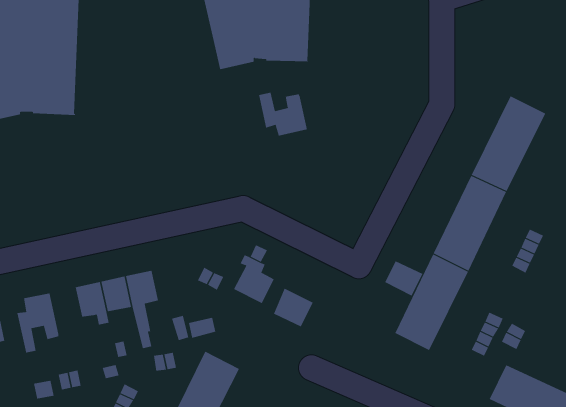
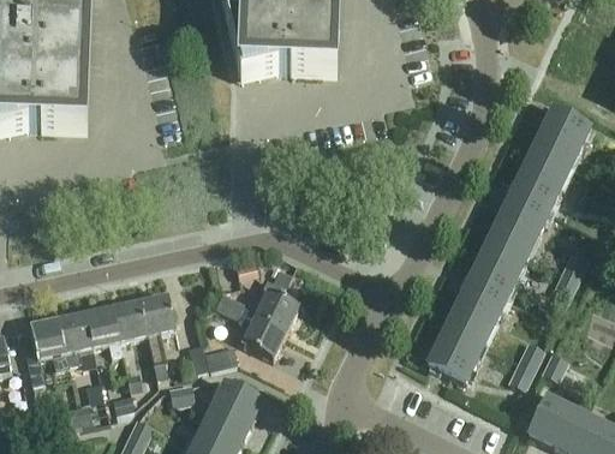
building: [259,92,308,137] -> none
building: [384,261,423,296] -> none
building: none -> [59,312,92,363]
building: [273,288,313,327] -> [243,315,286,357]

